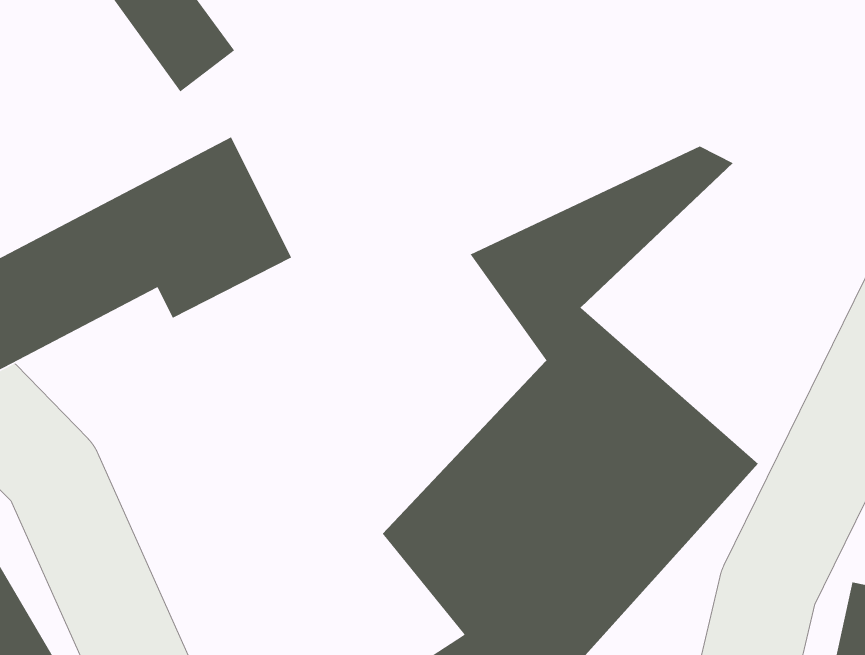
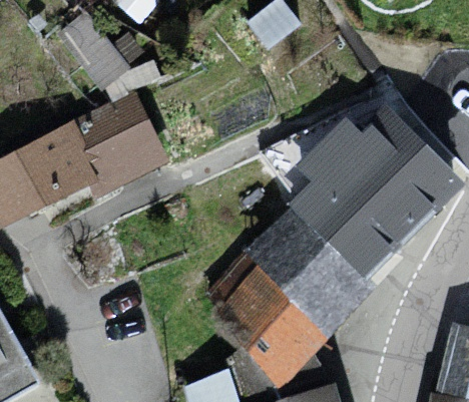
building: none -> [310,106,454,265]

